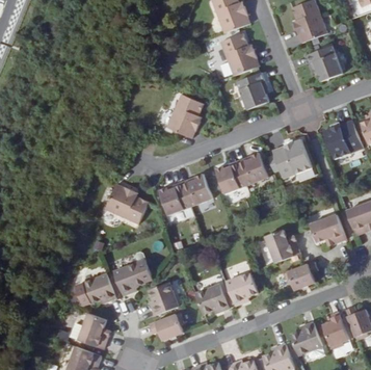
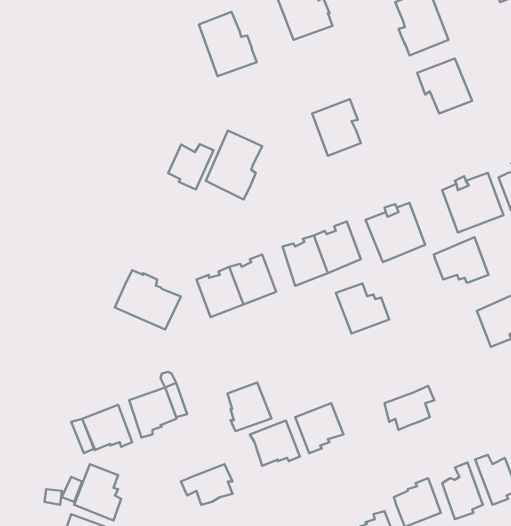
building: [220,31,259,74] -> [199,12,257,76]
building: none -> [168,144,213,190]
building: [309,214,345,244] -> [434,237,488,283]
building: [264,230,299,263] -> [336,284,389,334]
building: [149,283,178,315] -> [228,383,271,431]

